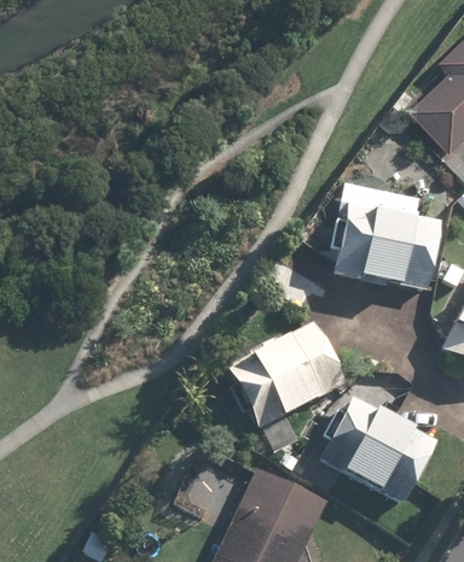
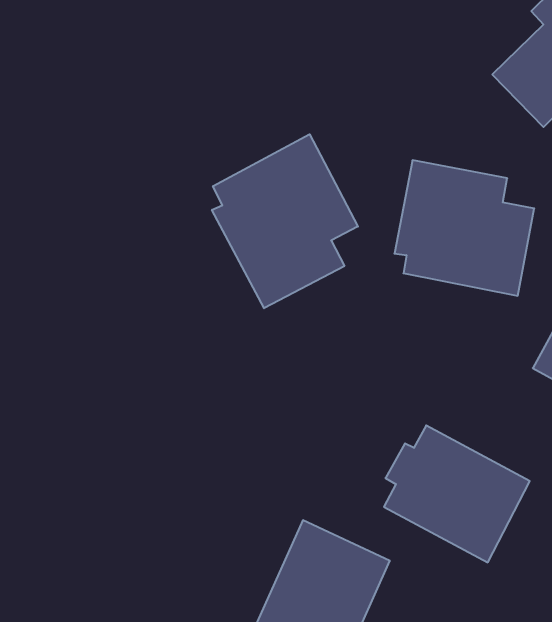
building: none -> [212,134,358,308]
building: [228,318,347,446] -> none

